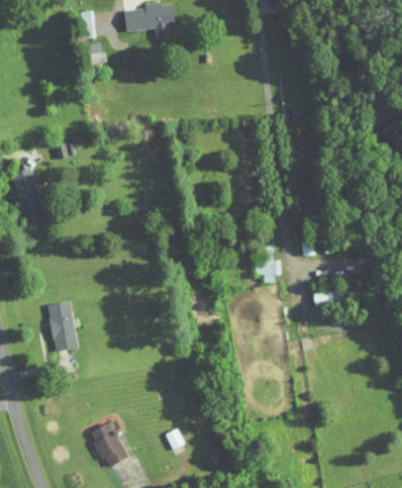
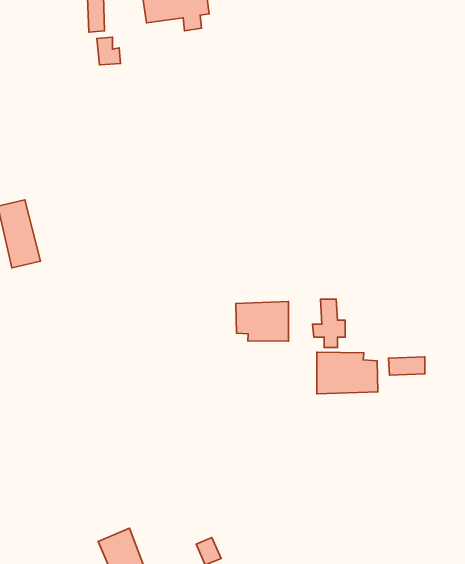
building: none -> [236,302,289,341]
building: none -> [317,352,378,394]
building: [47,301,78,352] -> none

